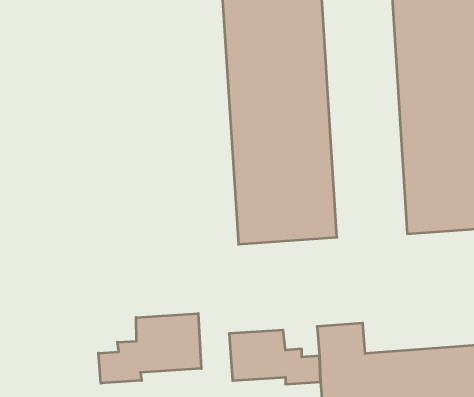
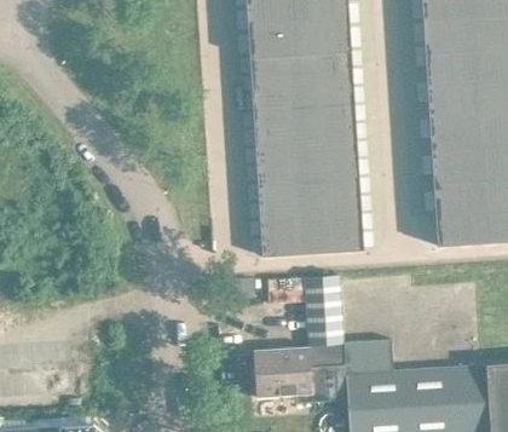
building: none -> [305,272,346,374]
building: [98,313,201,383] -> none

